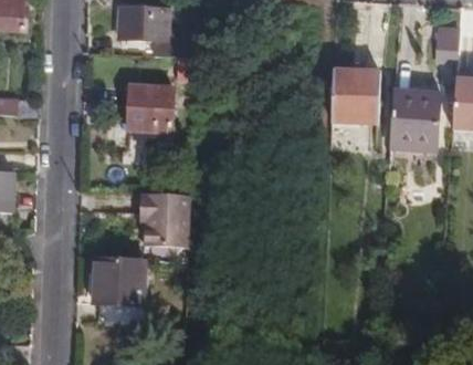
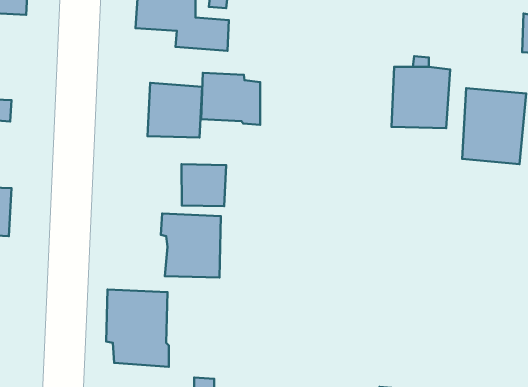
building: none -> [201,73,260,125]
building: none -> [182,164,226,206]

